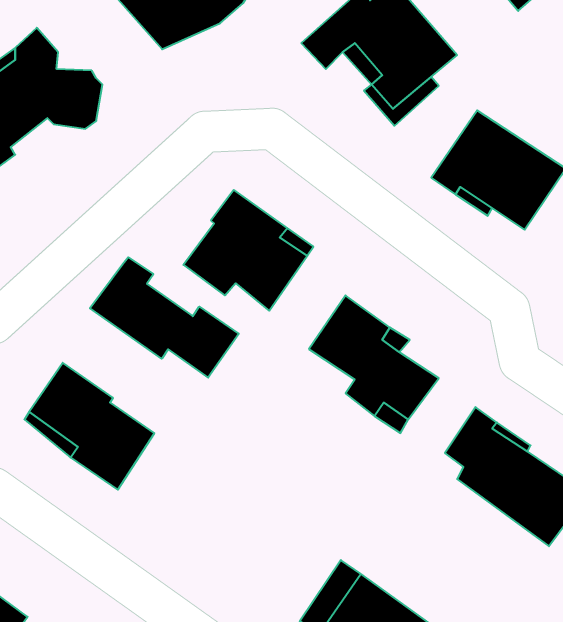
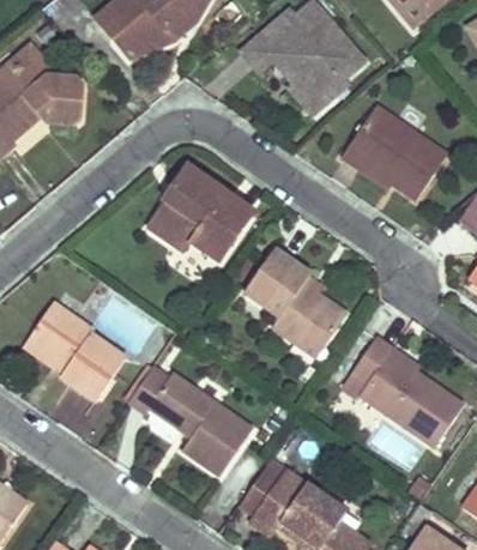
building: [90,257,239,378] -> none
building: none -> [127,365,252,476]

